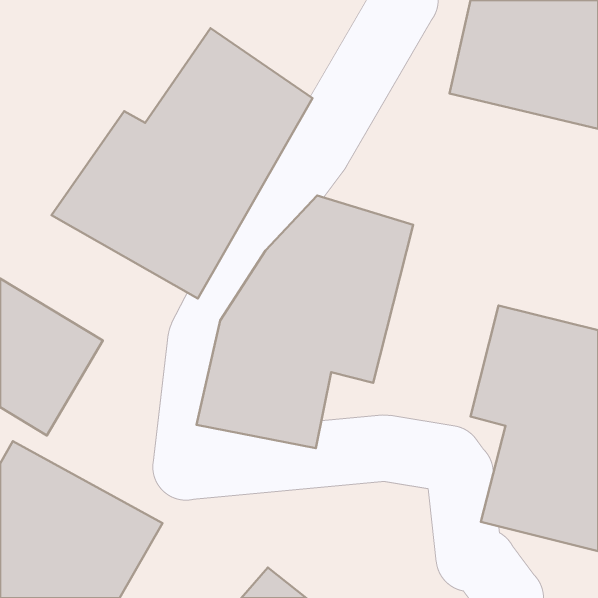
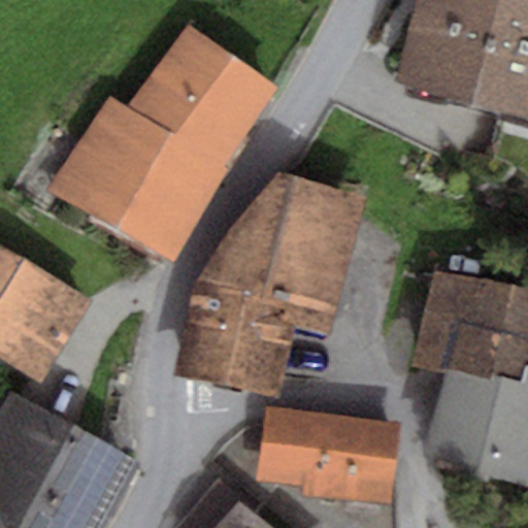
building: none -> [257,405,401,505]

